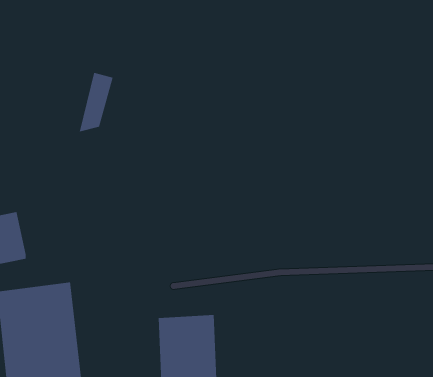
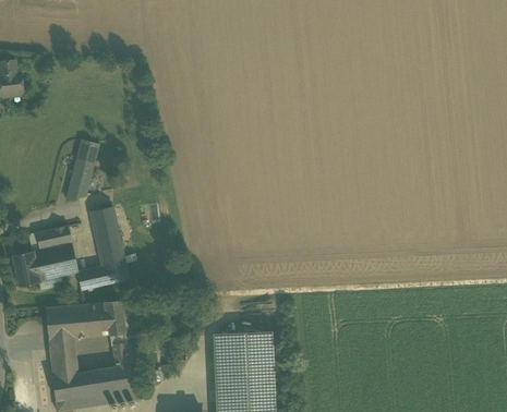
building: [79,72,113,132] -> [65,141,101,203]
building: none -> [77,205,130,290]

